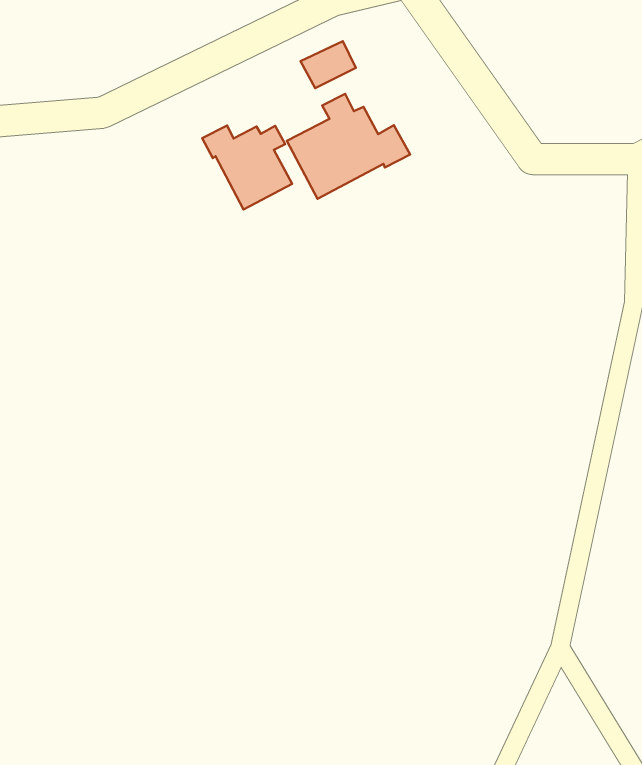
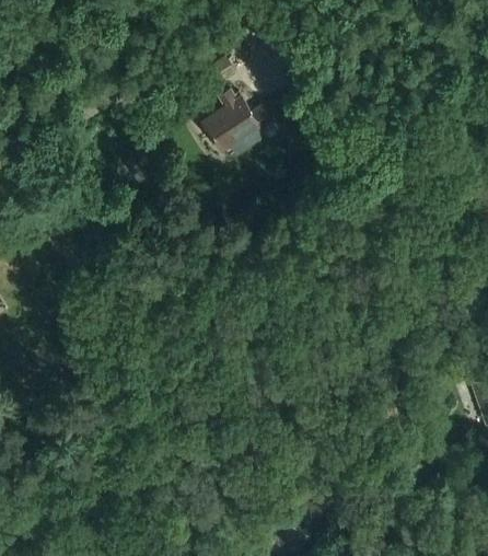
building: [202,126,292,210] -> none

